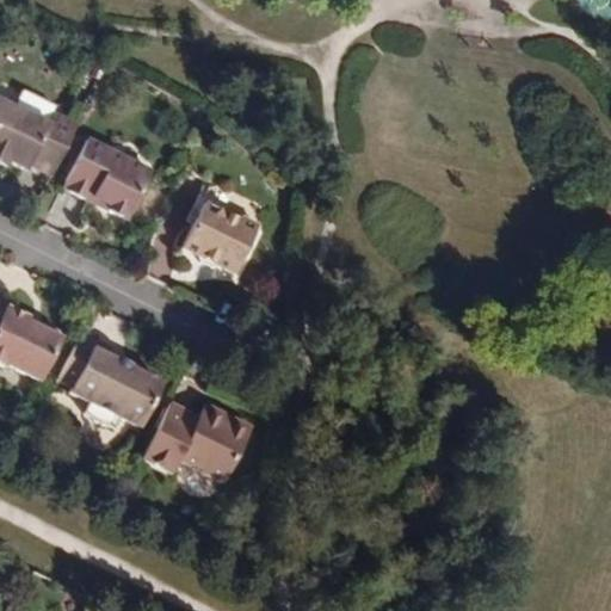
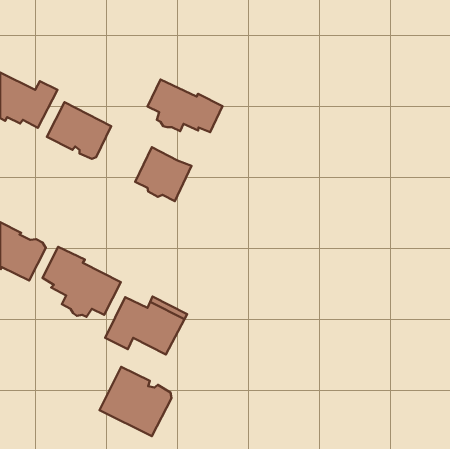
building: none -> [148,79,222,132]
building: none -> [100,367,172,436]

